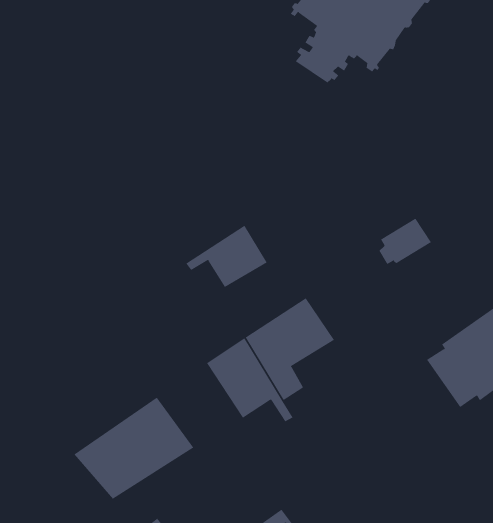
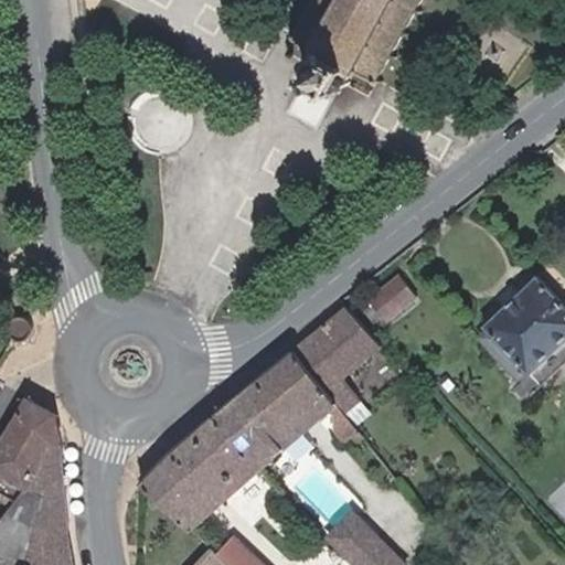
building: [378,218,432,265] -> [362,278,412,327]
building: [186,225,268,288] -> none
building: none -> [218,384,302,466]

